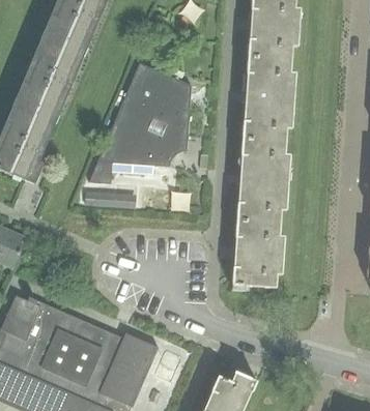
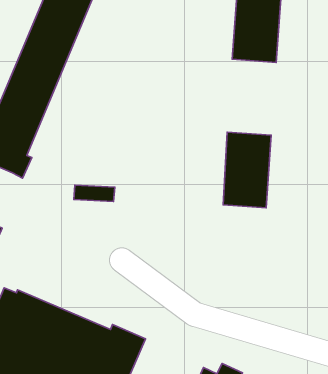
building: [89,61,192,182] -> none
building: [241,63,291,140] -> none
building: [232,210,281,287] -> none

